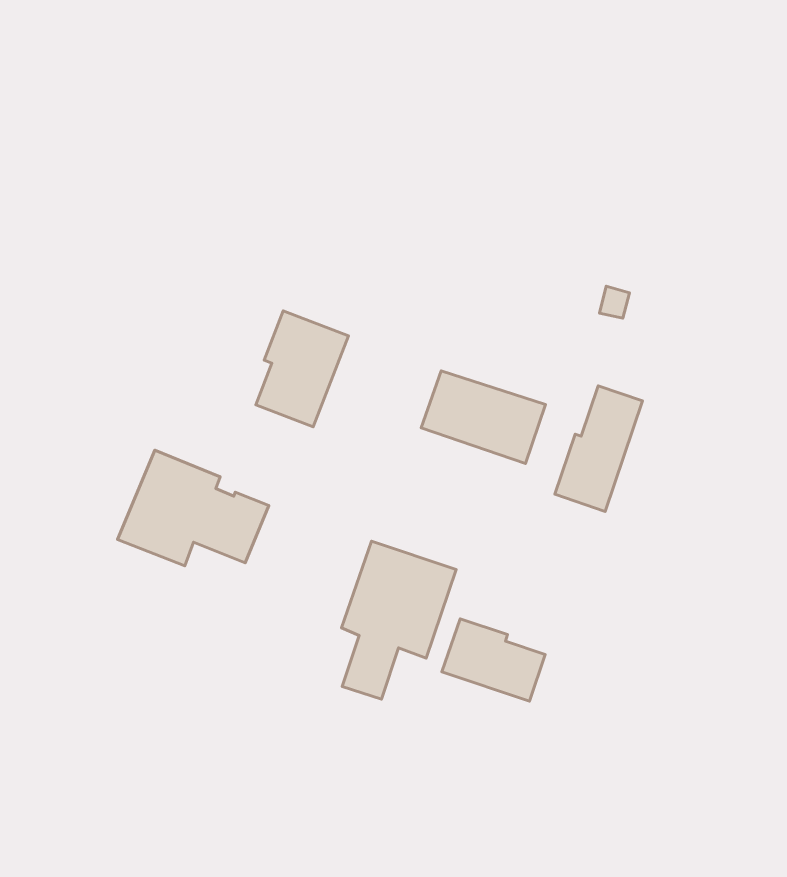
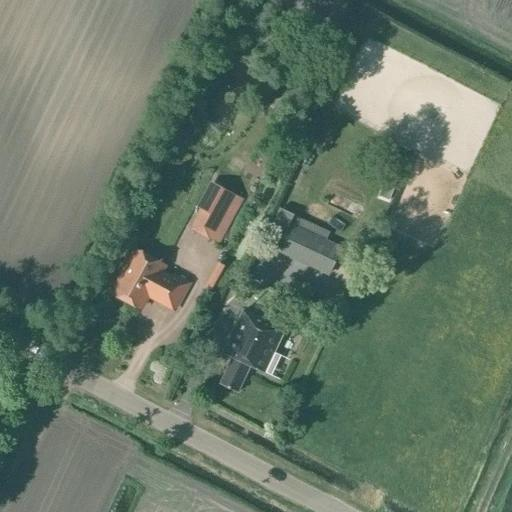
building: [555,386,642,512] -> none
building: [442,619,545,701] -> none

